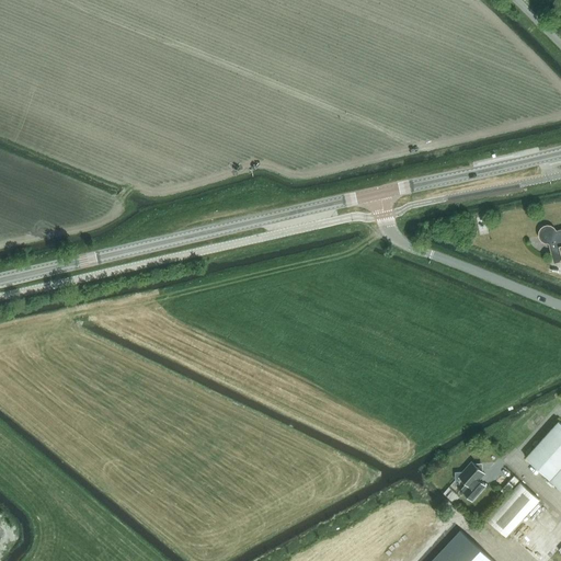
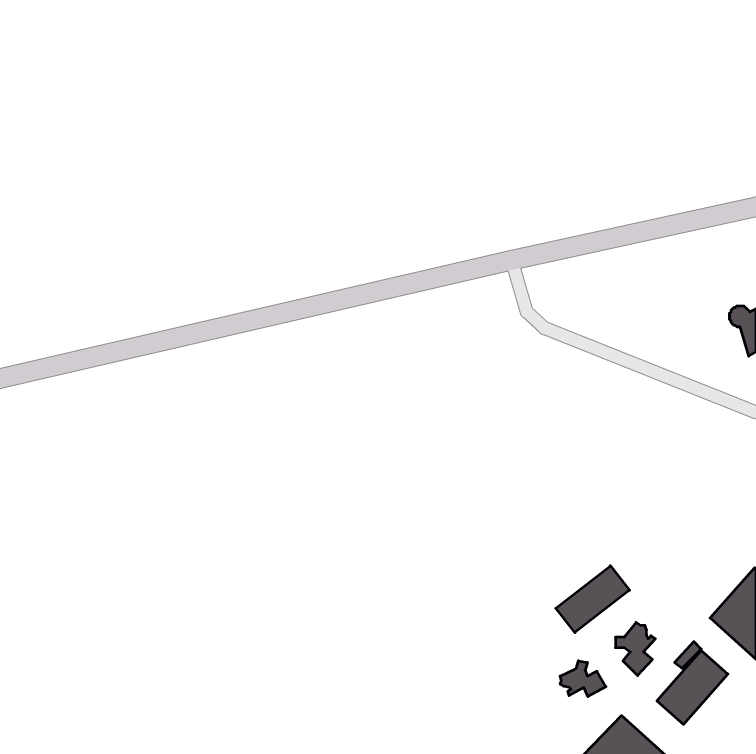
building: none -> [556,566,630,633]
building: none -> [560,661,606,697]

